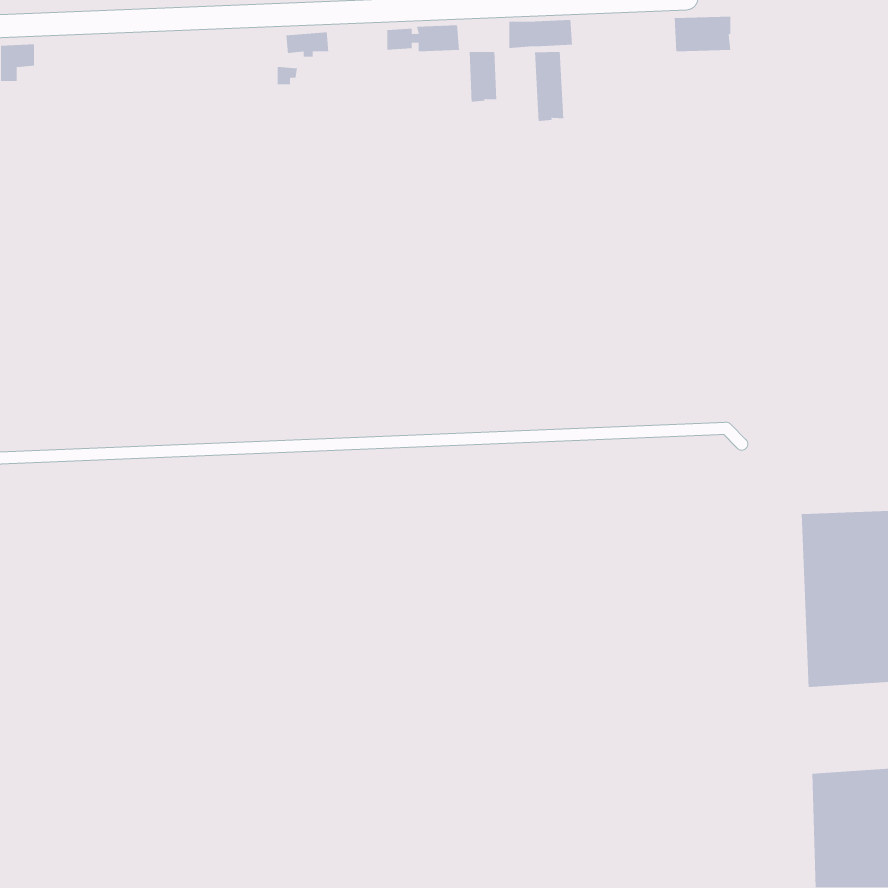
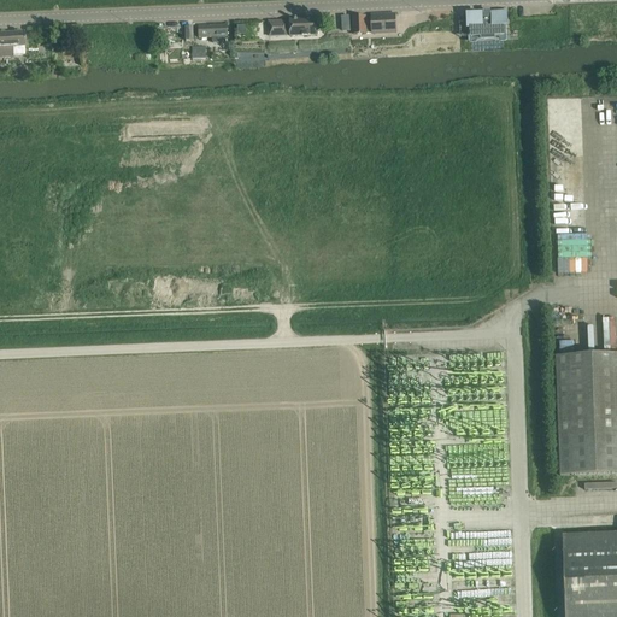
building: [469,51,497,102] -> none
building: [534,51,564,122] -> none

